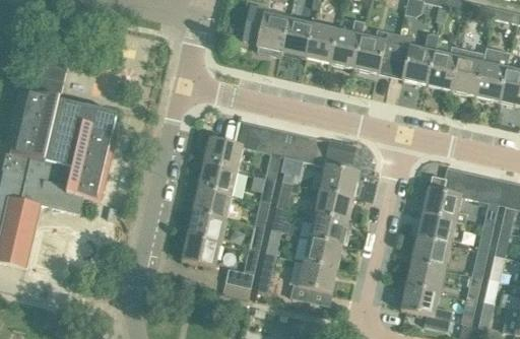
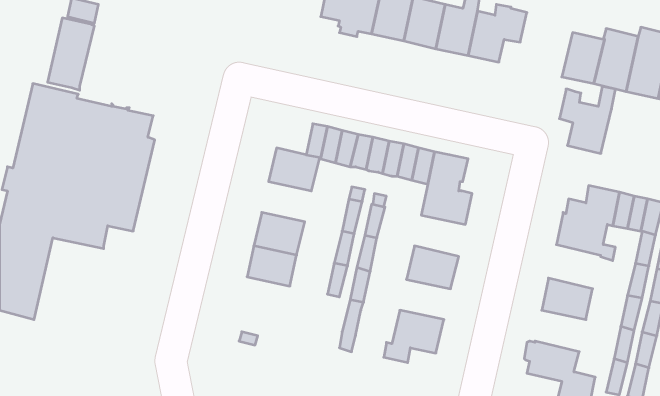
building: [395,32,438,83] -> [559,86,616,153]
building: [199,162,237,193] -> none
building: [315,188,353,219] -> none
building: [416,210,456,244] -> none
building: [182,234,220,266] -> none
building: [304,236,342,267] -> none
building: [225,248,258,287] -> none
building: [406,260,445,291] -> none

